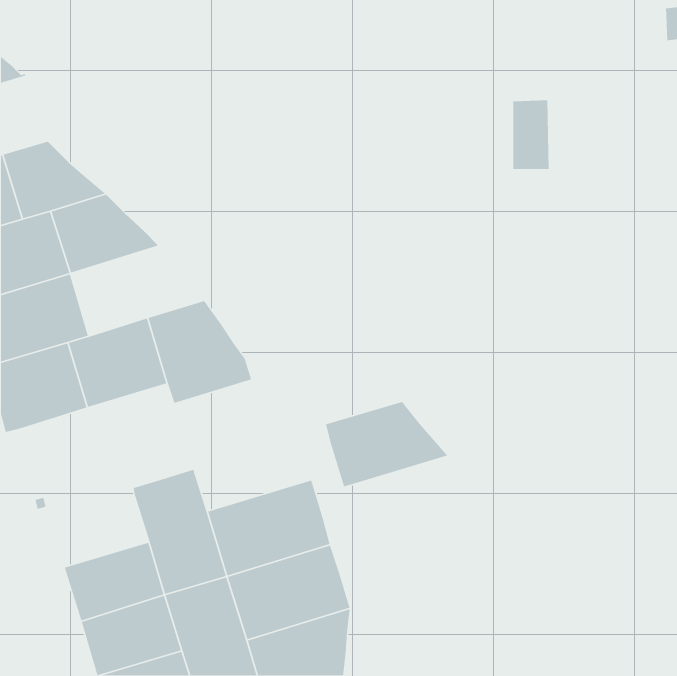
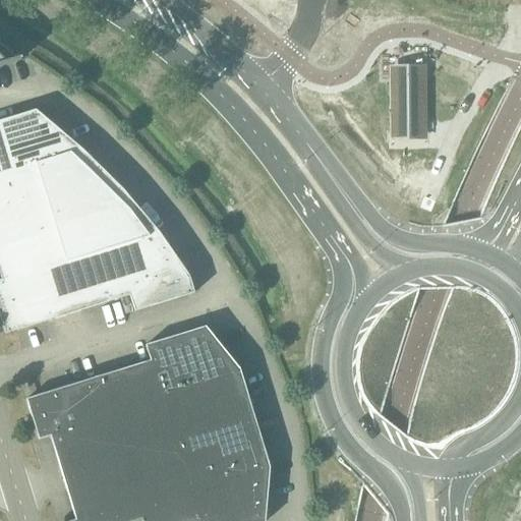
building: none -> [55,188,158,257]
building: [325,401,448,488] -> [146,326,240,392]
building: none -> [25,373,115,438]

